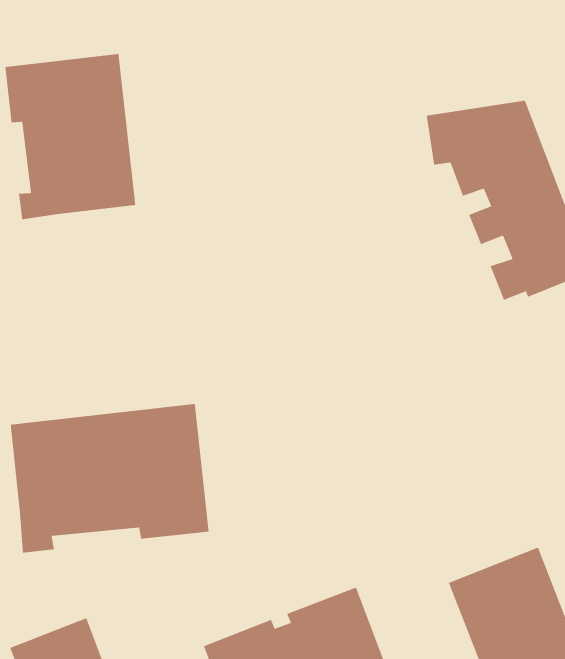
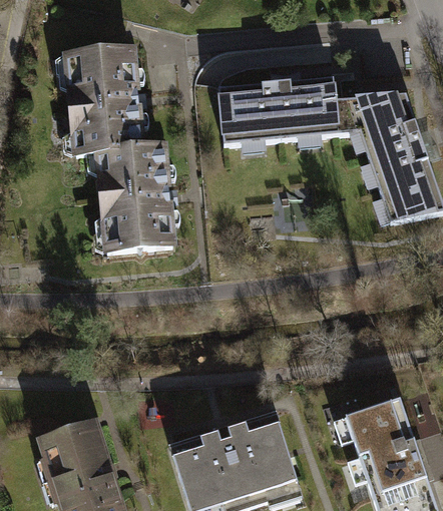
building: none -> [217,80,343,153]
building: none -> [89,146,175,251]
building: [10,403,210,553] -> none

